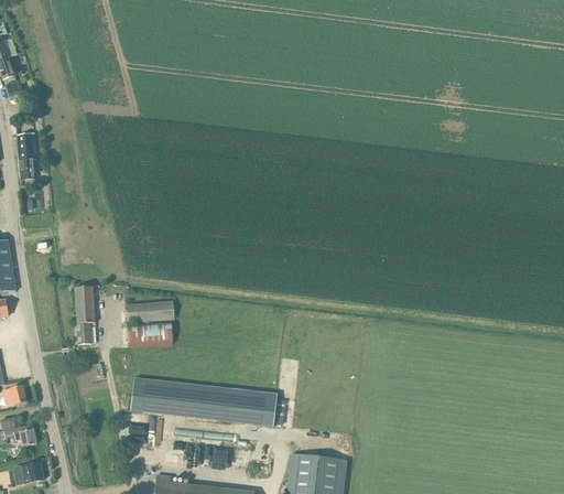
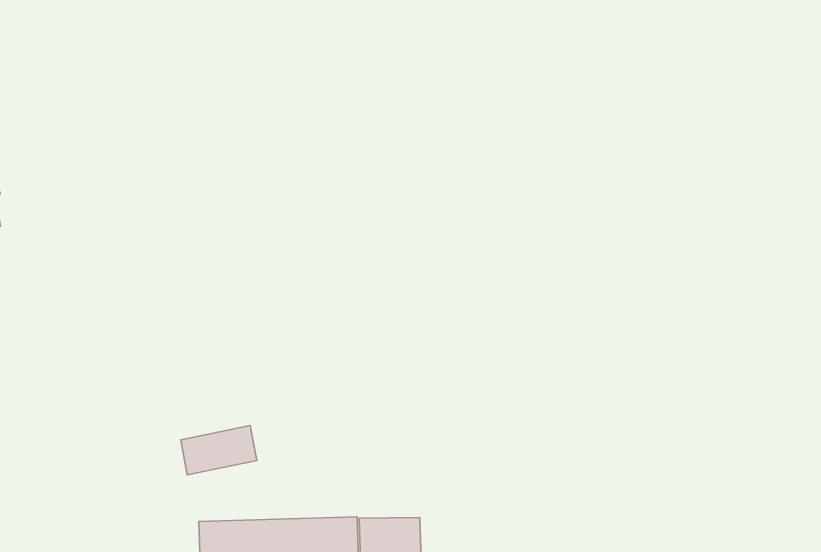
building: [74,286,96,344] -> none
building: [126,301,174,322] -> none

